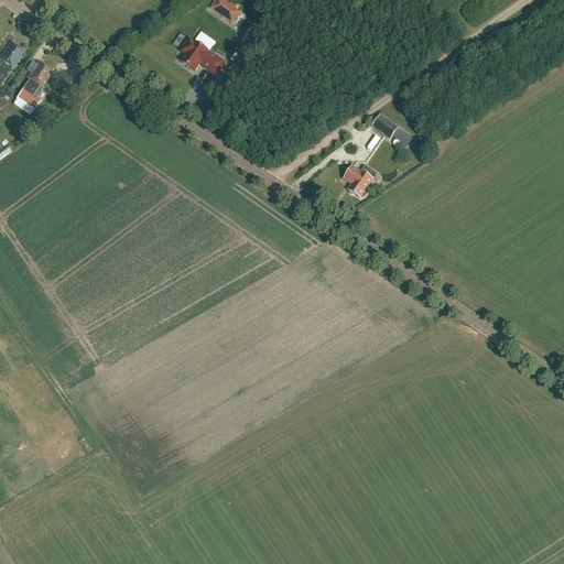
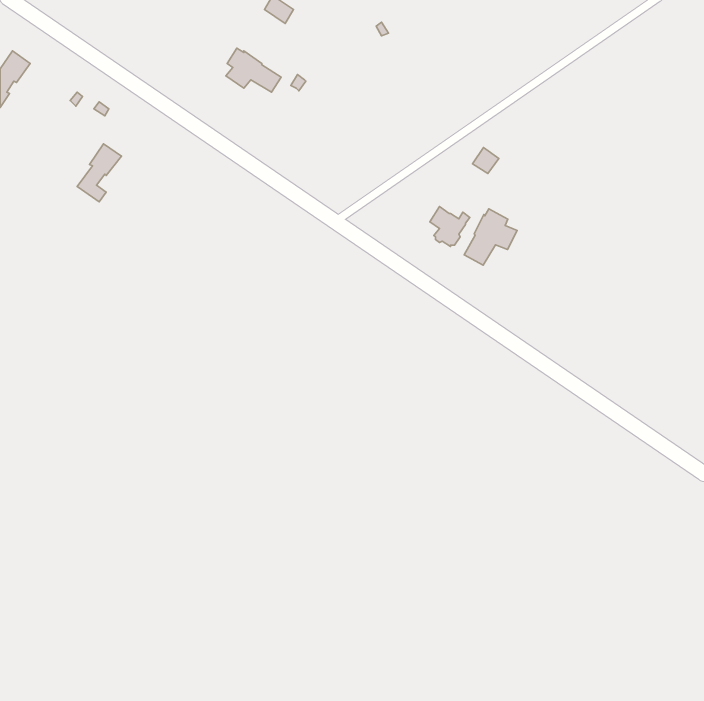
building: [18,61,53,107] -> [77,144,121,202]
building: none -> [464,209,517,265]

